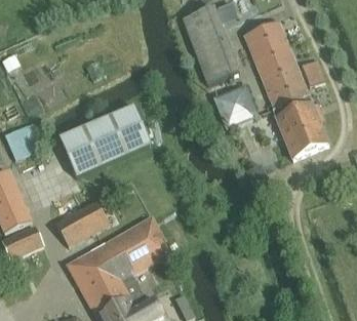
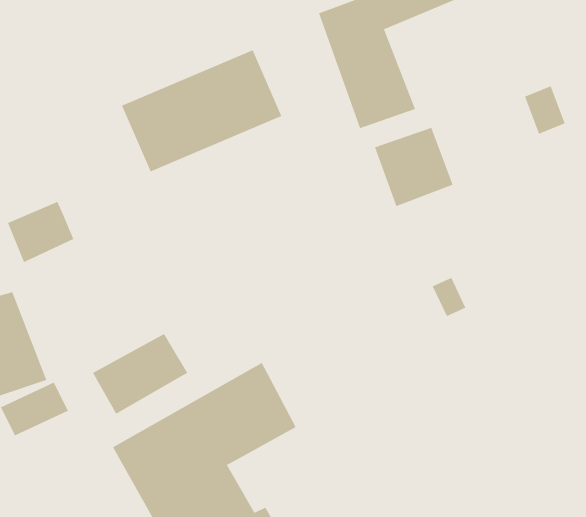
building: [243,19,327,159] -> none
building: [58,106,150,175] -> [121,49,282,172]

